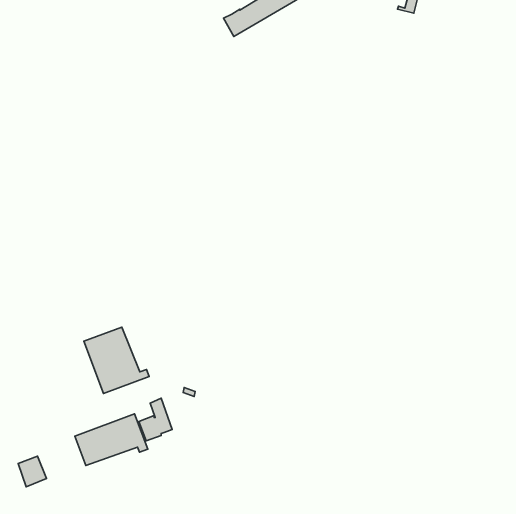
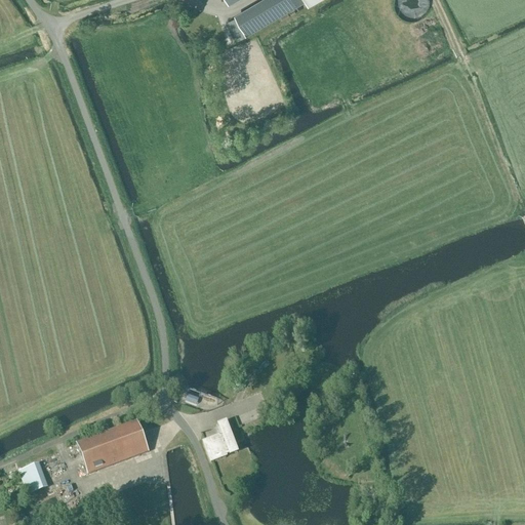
building: [84,327,149,394] -> none
building: [139,398,172,441] -> [204,417,238,460]

